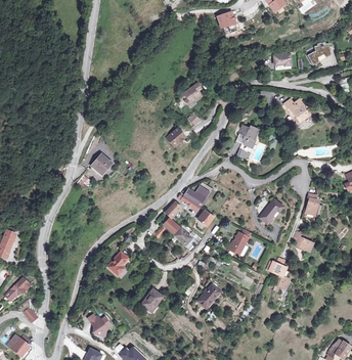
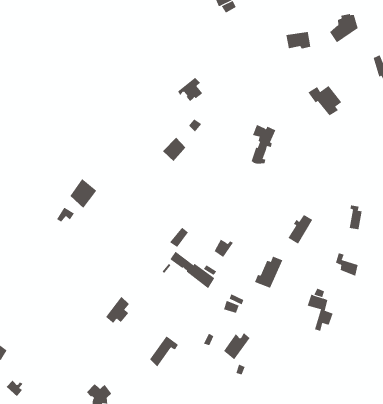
building: [178,182,211,209] -> none

